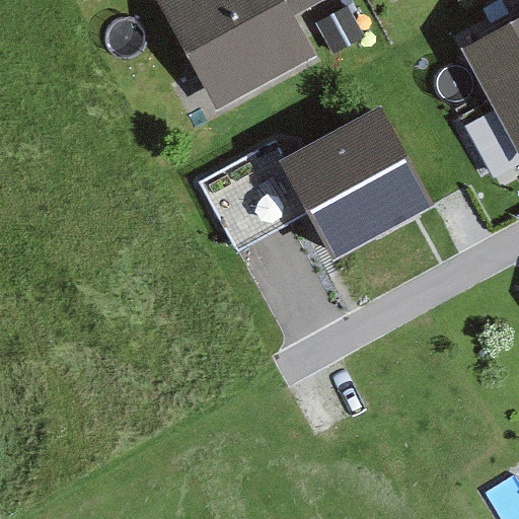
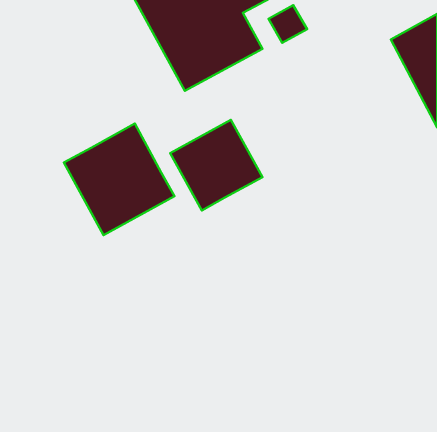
building: [286,116,424,256] -> none
building: none -> [64,124,174,235]

